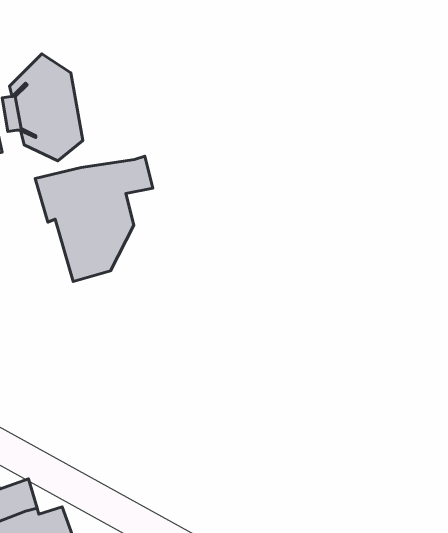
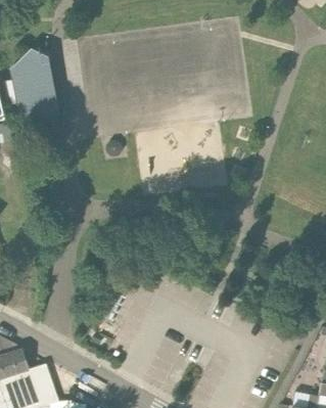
building: [35,156,153,281] -> none

